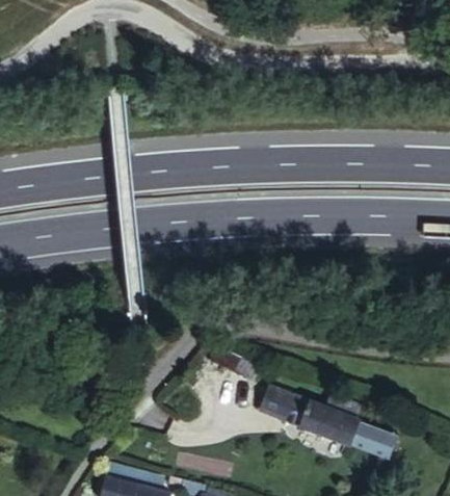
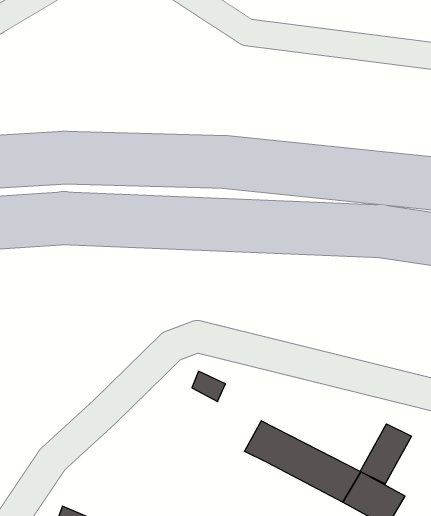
building: none -> [360,424,411,484]

